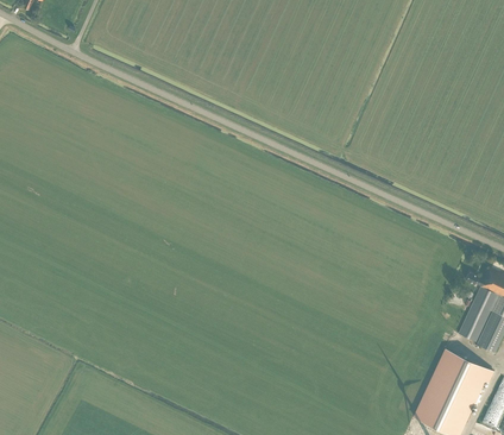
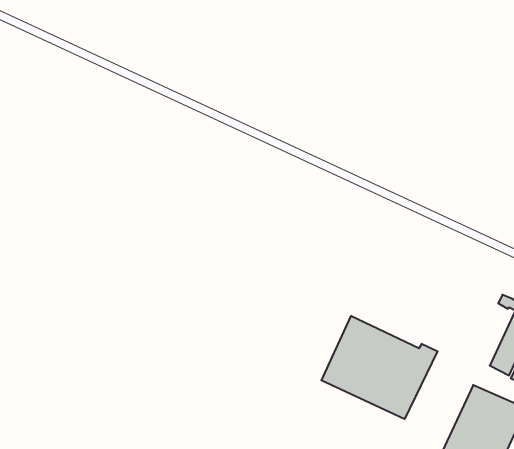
building: none -> [321,316,438,419]

